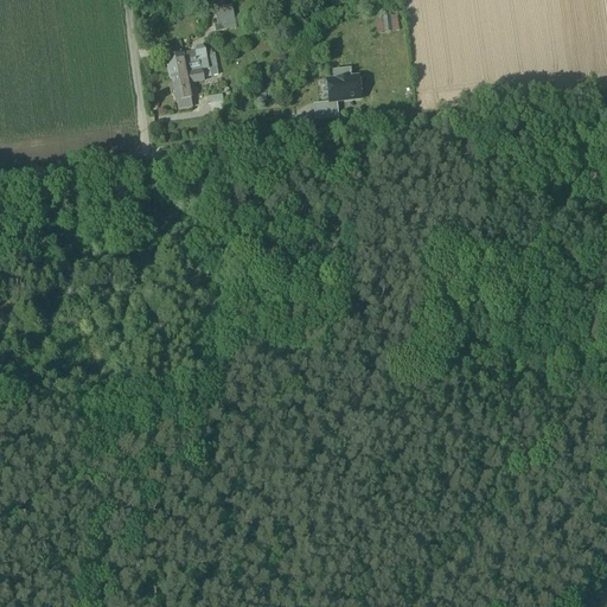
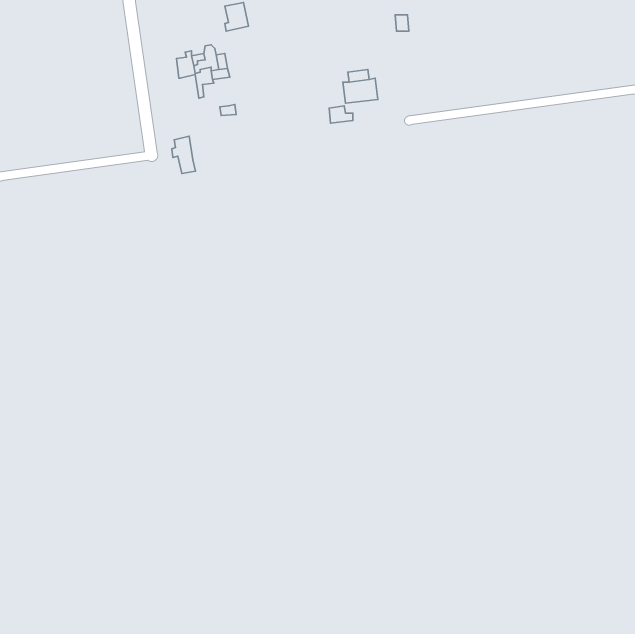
building: [170,72,192,108] -> [172,136,195,174]

